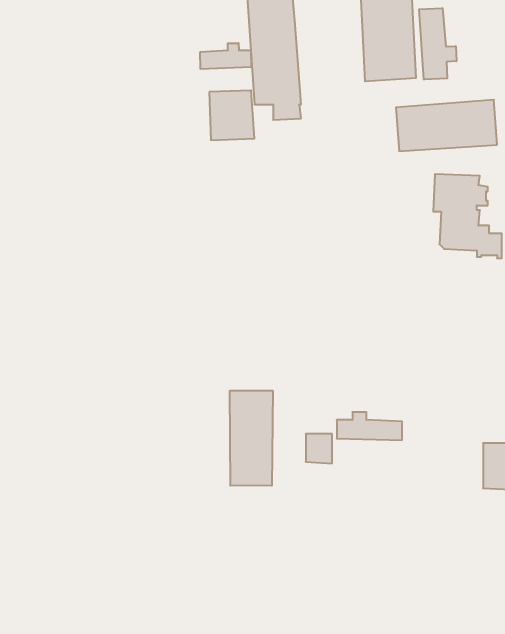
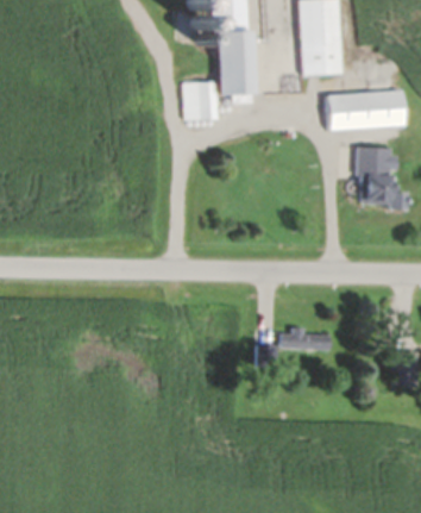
building: [419,8,456,80] -> none
building: [200,43,251,69] -> none
building: [230,391,273,486] -> none

